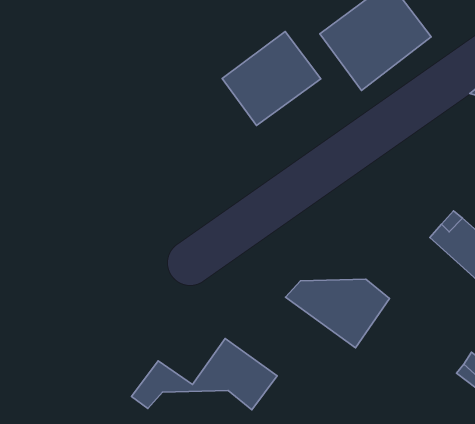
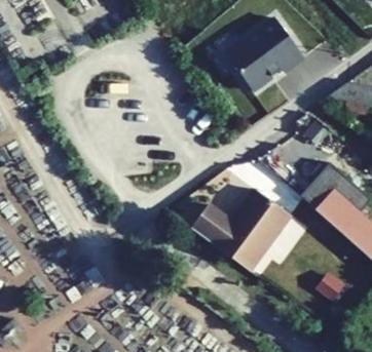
building: [222,32,321,125] -> none
building: [131,338,277,410] -> [191,189,292,238]

